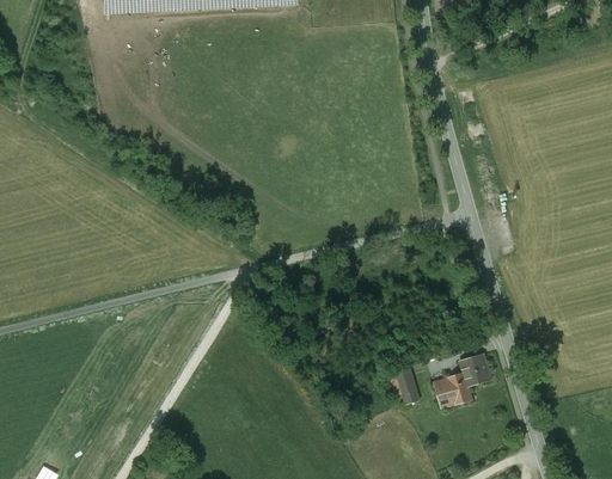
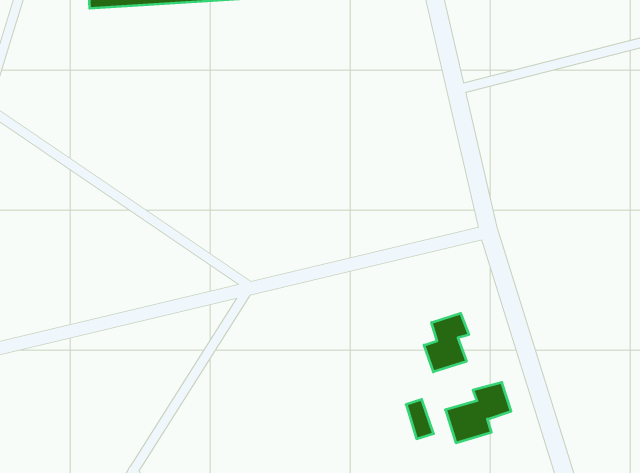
building: none -> [424,313,469,372]

